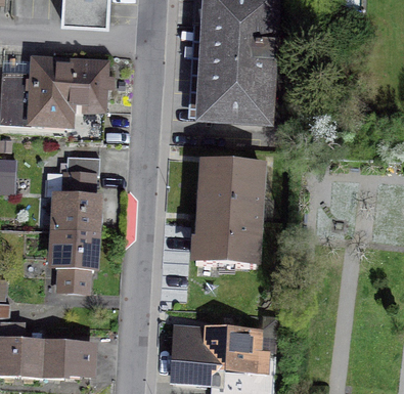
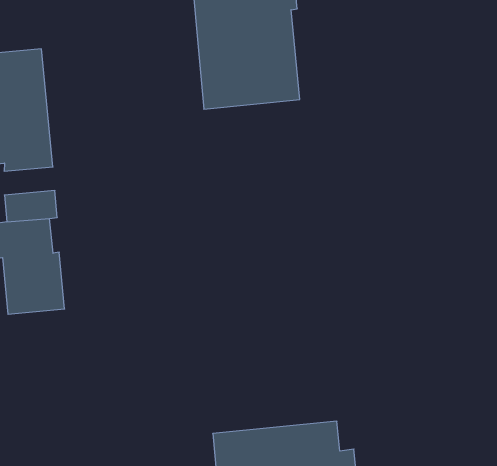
building: [194,162,259,264] -> none
building: [54,230,93,290] -> none

